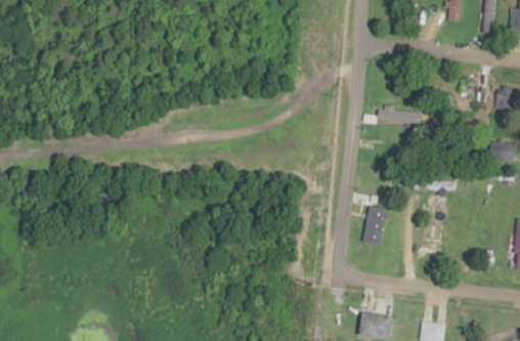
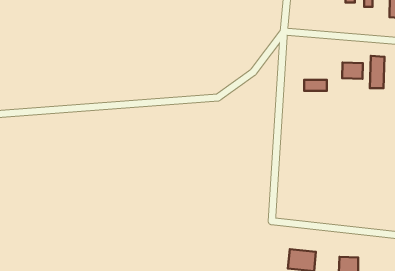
building: none -> [342,63,363,79]
building: [362,205,387,245] -> none

